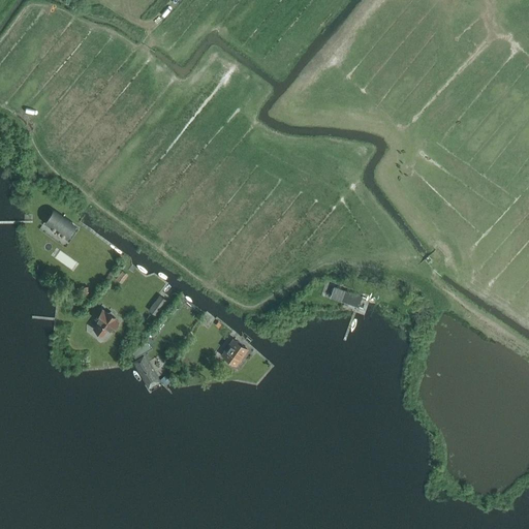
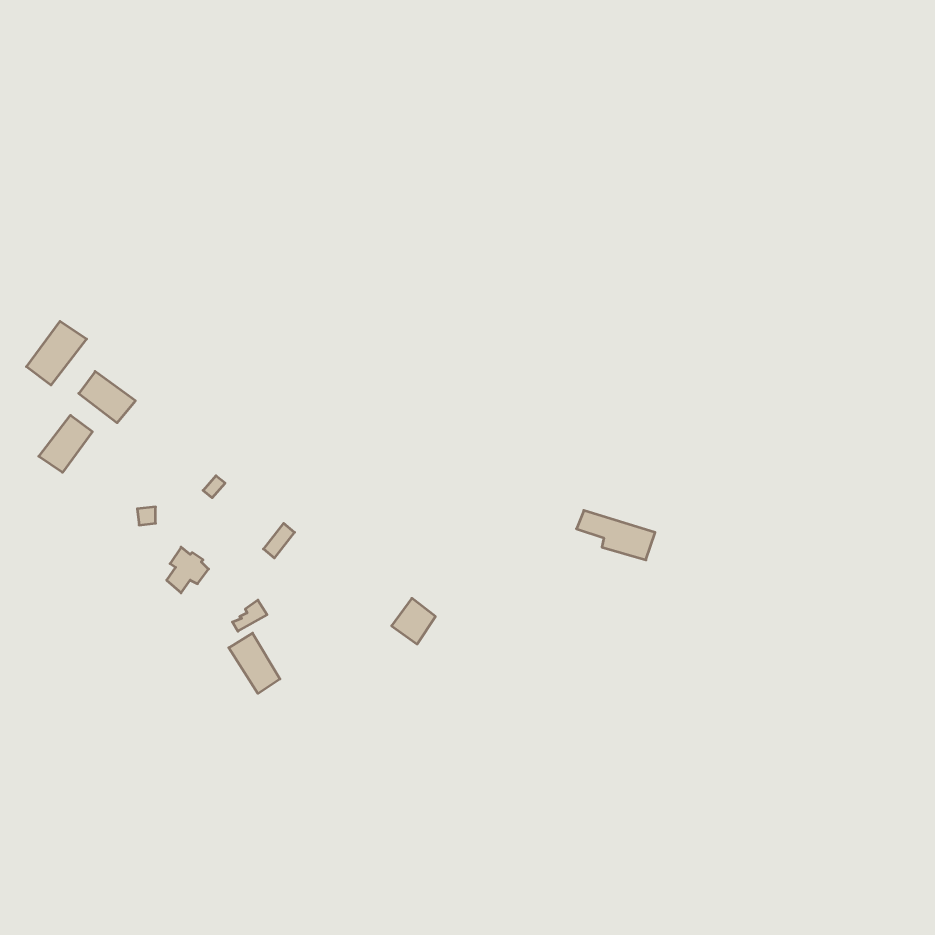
building: none -> [26,321,87,385]
building: none -> [39,415,92,472]

